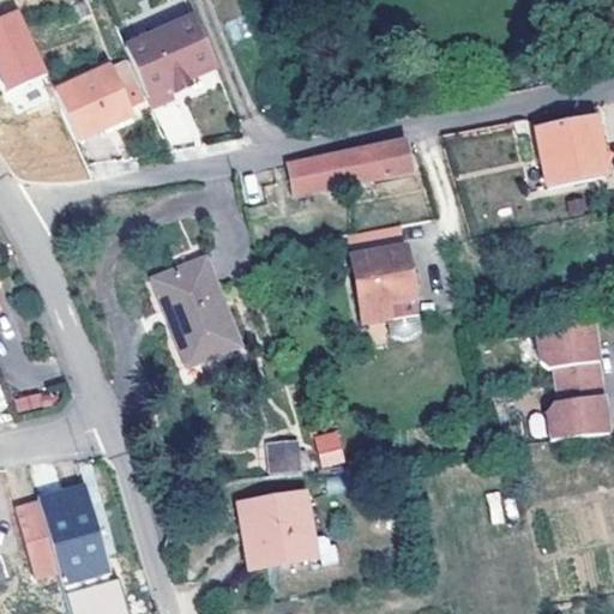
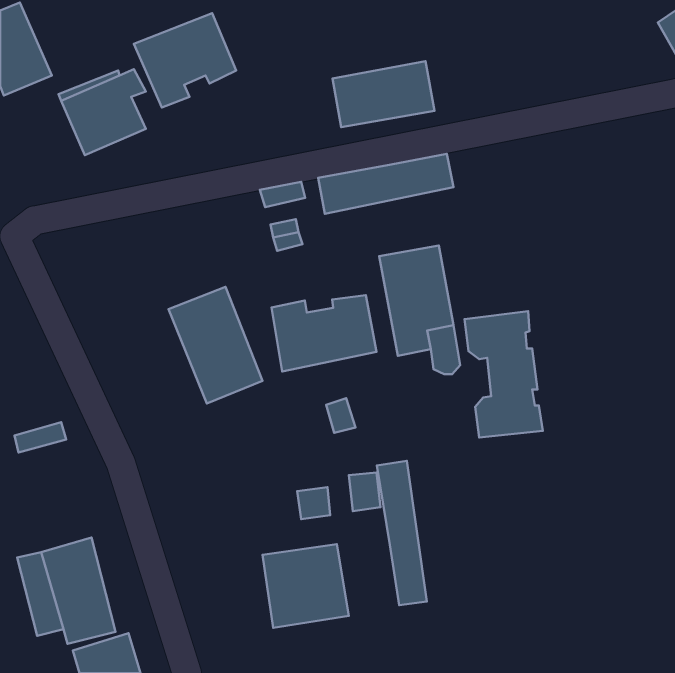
building: none -> [333,61,435,127]
building: [538,119,607,187] -> none
building: none -> [271,295,376,371]
building: [536,323,607,437] -> [464,311,543,437]
building: none -> [377,461,427,605]

